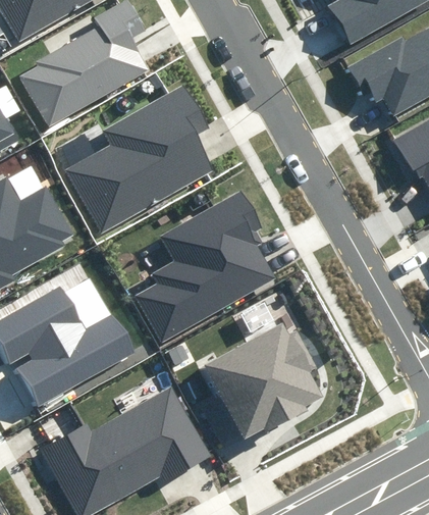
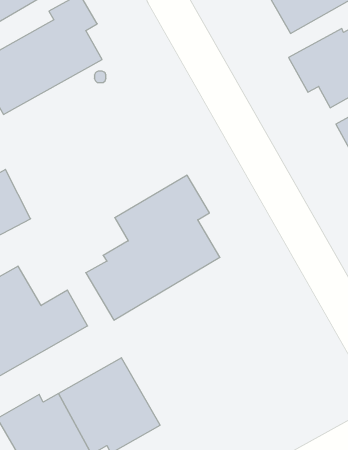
building: [62,87,215,237] -> none
building: [203,321,323,440] -> none

